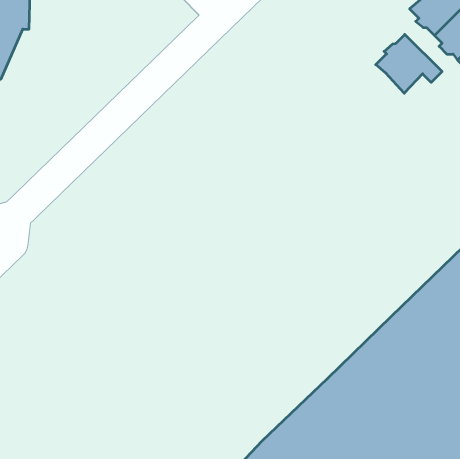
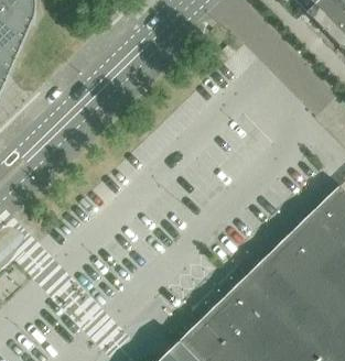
building: [376,34,442,93] -> none

